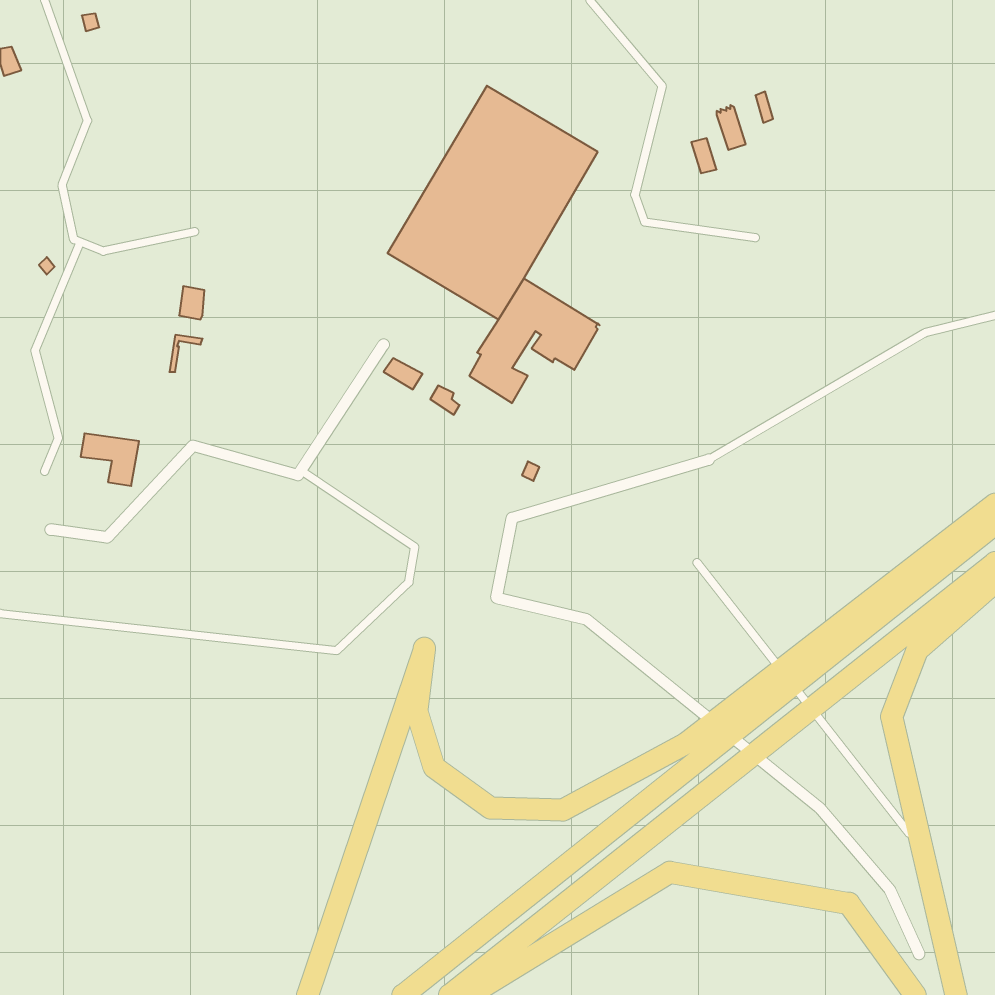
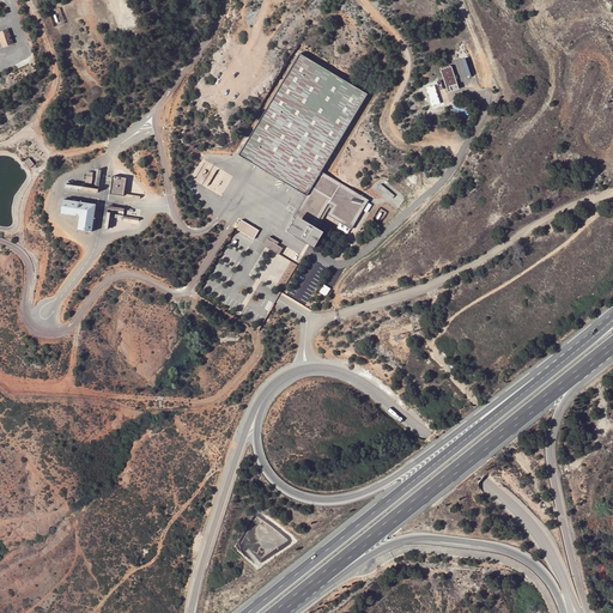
building: [81,433,139,486] -> [61,199,97,231]

